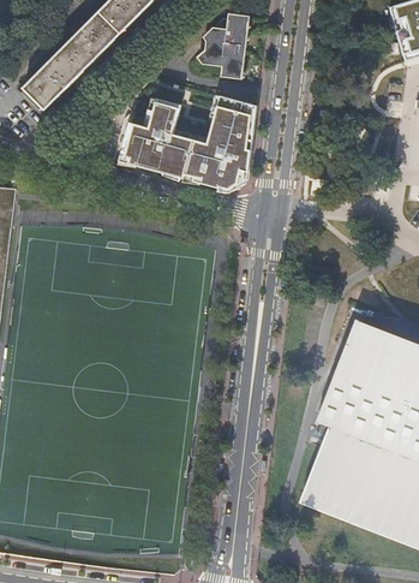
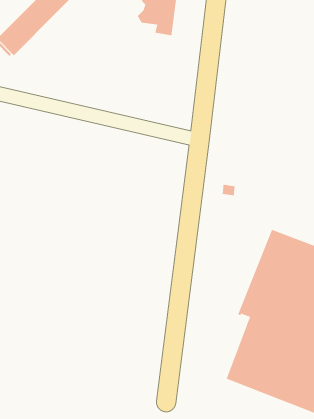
building: [122,99,257,192] -> none

